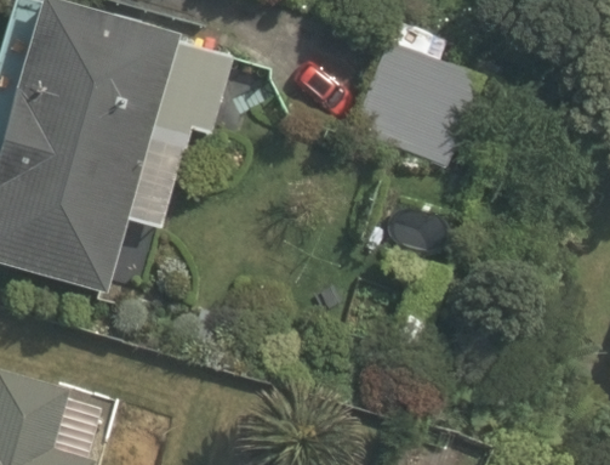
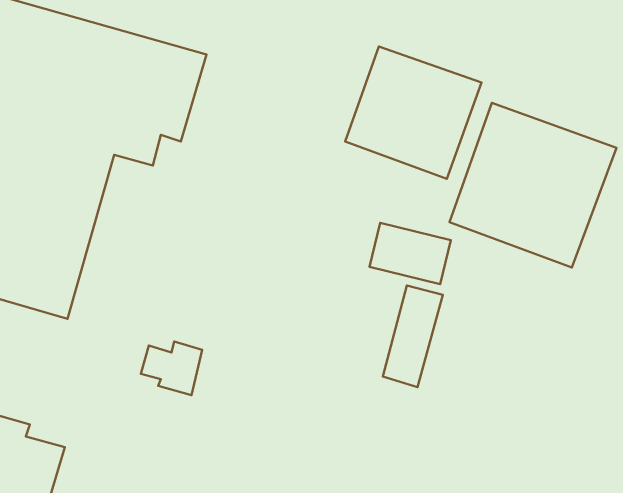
building: none -> [450,103,617,267]

